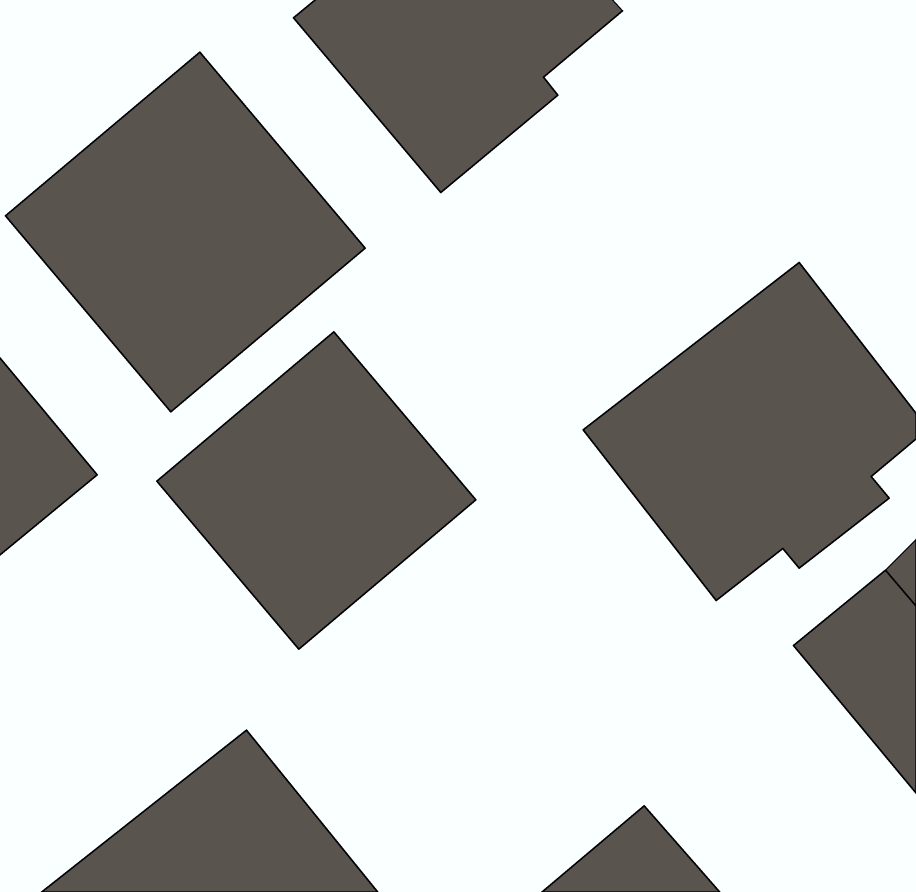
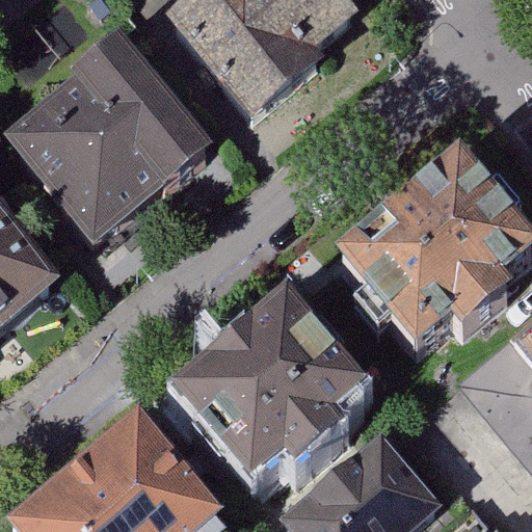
building: [157,332,476,649] -> none
building: none -> [172,288,368,485]

